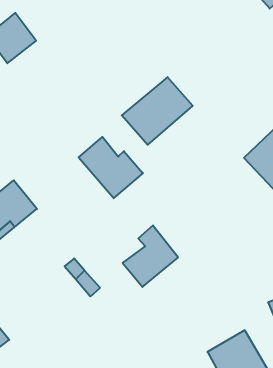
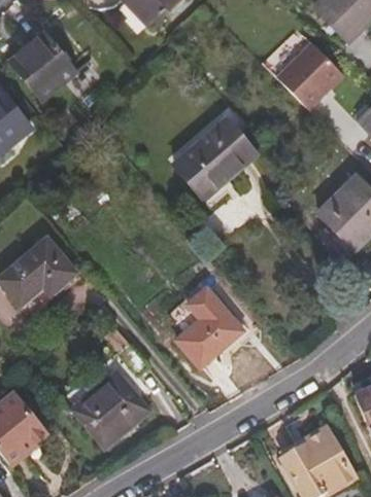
building: none -> [281,40,349,108]
building: [79,137,143,198] -> none
building: none -> [72,375,148,451]

